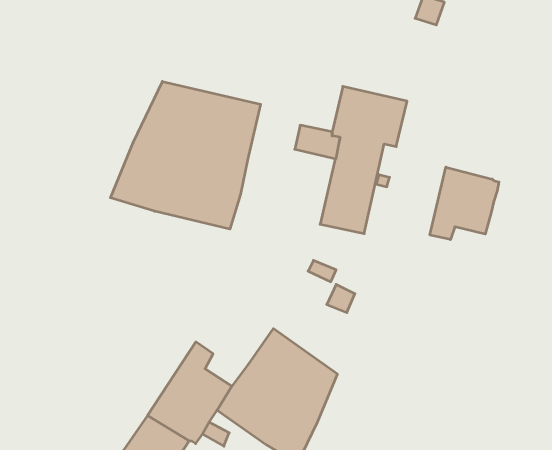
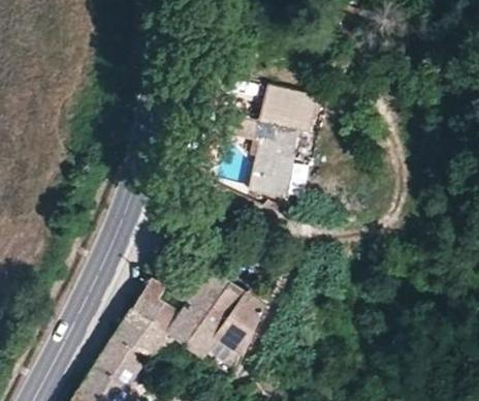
building: [110,81,261,229] -> none
building: [430,167,499,240] -> none

